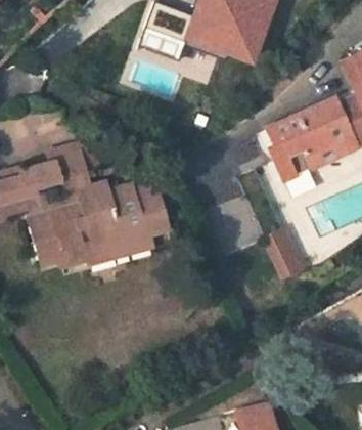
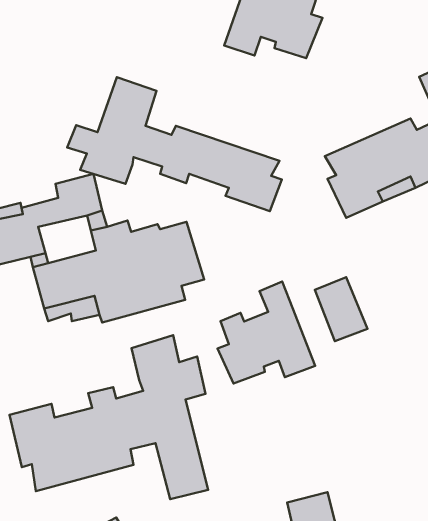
building: none -> [67,77,282,211]
building: none -> [218,281,315,383]
building: none -> [10,335,208,499]

